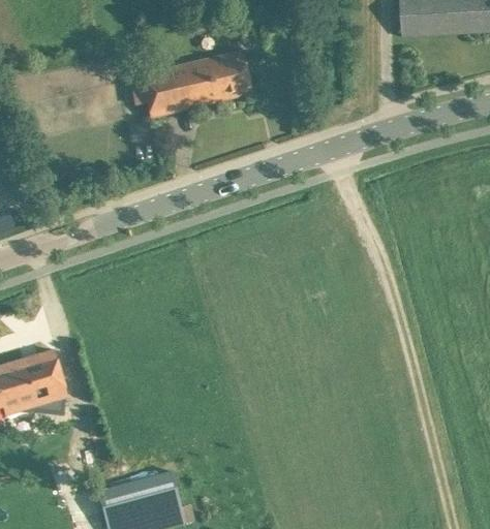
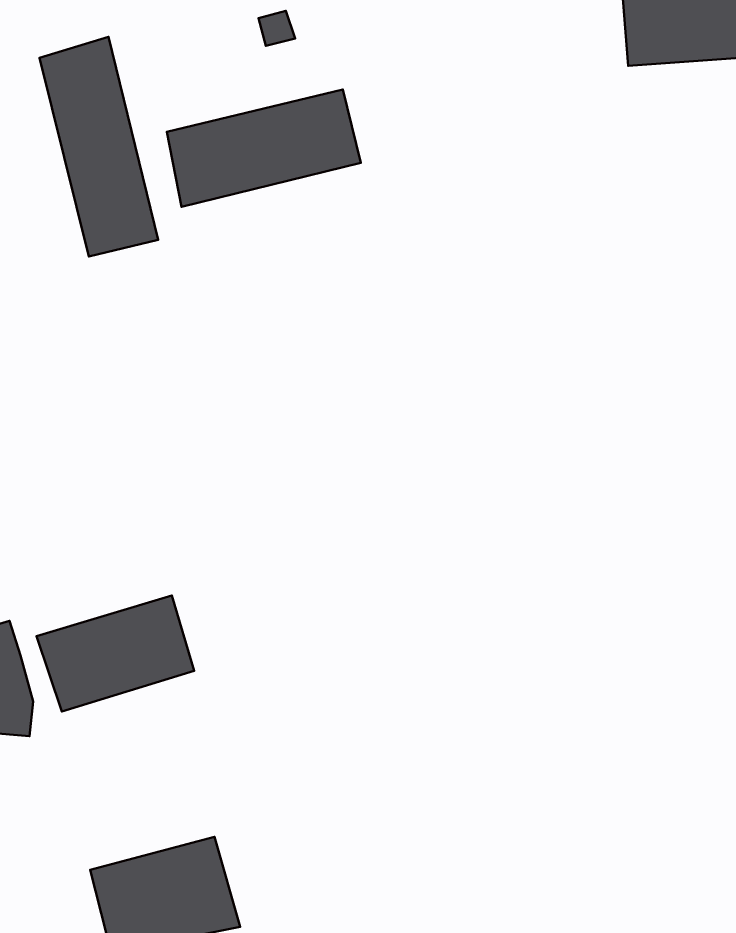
building: none -> [39,37,158,256]
building: none -> [36,595,194,712]

